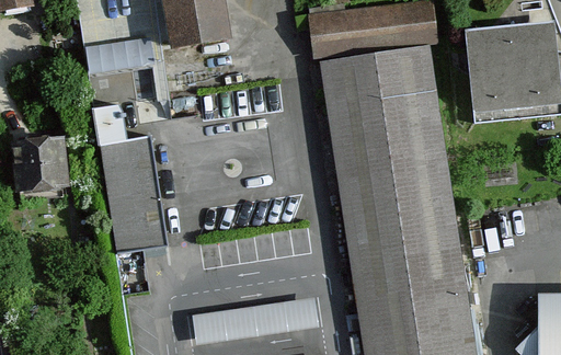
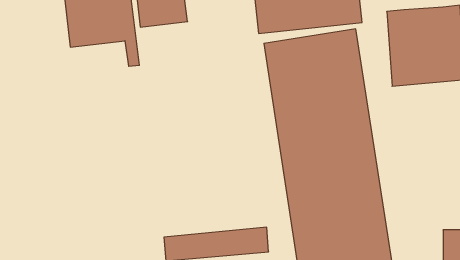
building: [93,106,167,253] -> none
building: [13,141,66,193] -> none

